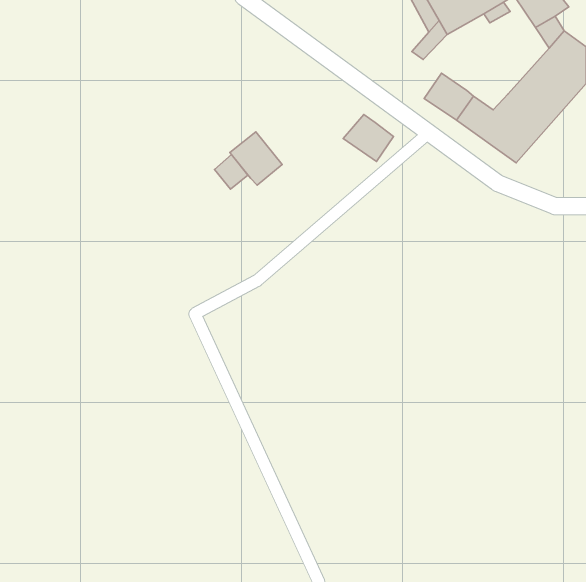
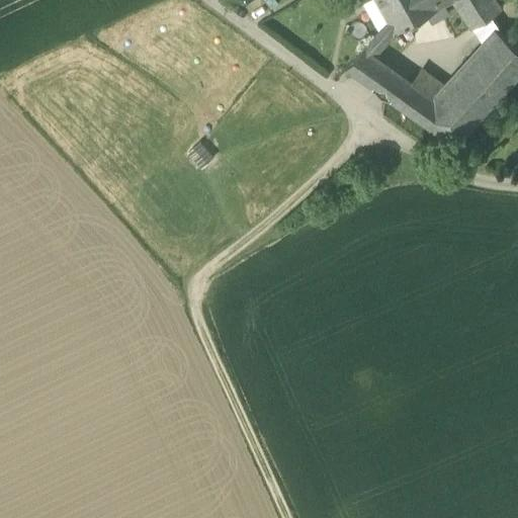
building: none -> [412,64,448,97]
building: [343,115,394,162] -> [345,46,390,87]
building: [230,132,282,185] -> none

